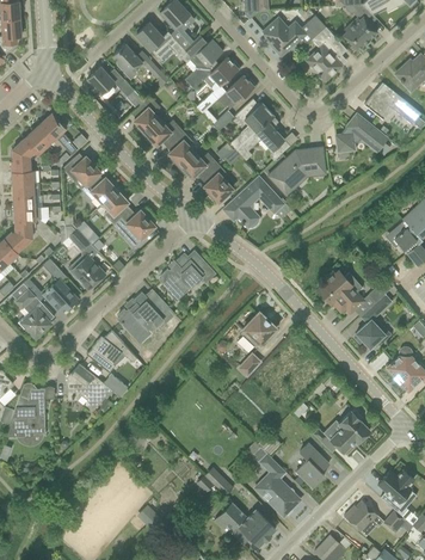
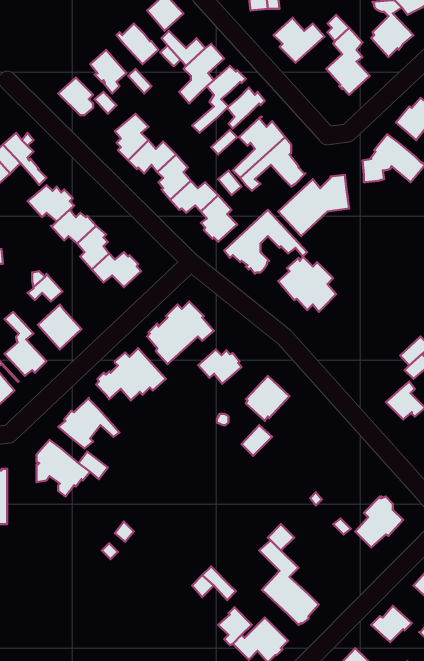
building: [316,269,364,314] -> [278,256,336,312]
building: none -> [198,350,241,384]
building: [295,443,328,487] -> none

